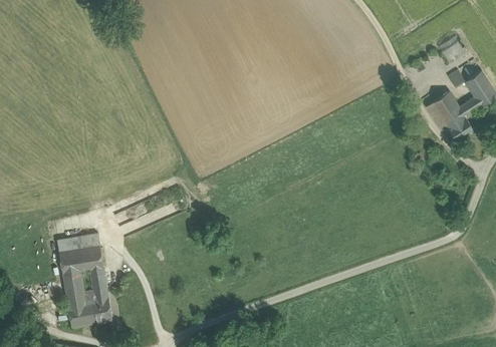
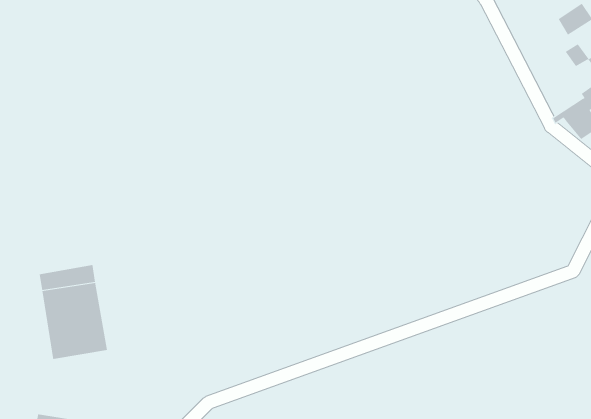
building: [425,90,460,124] -> none
building: [66,296,111,328] -> none

